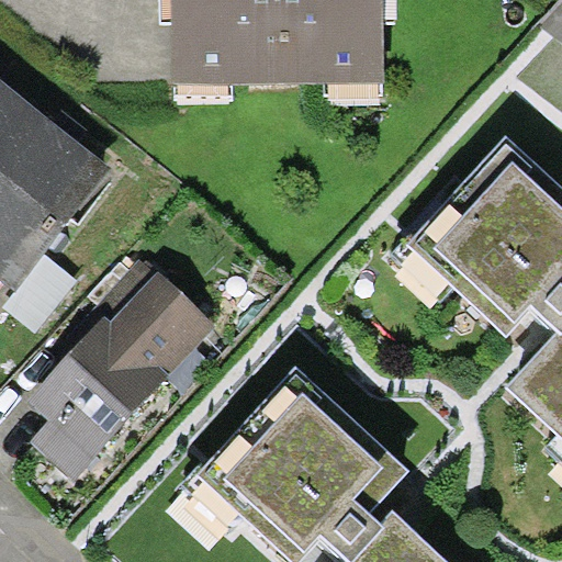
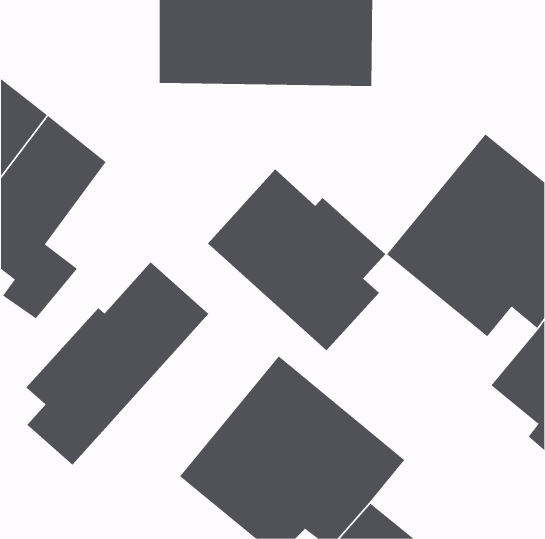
building: none -> [207,169,386,351]

